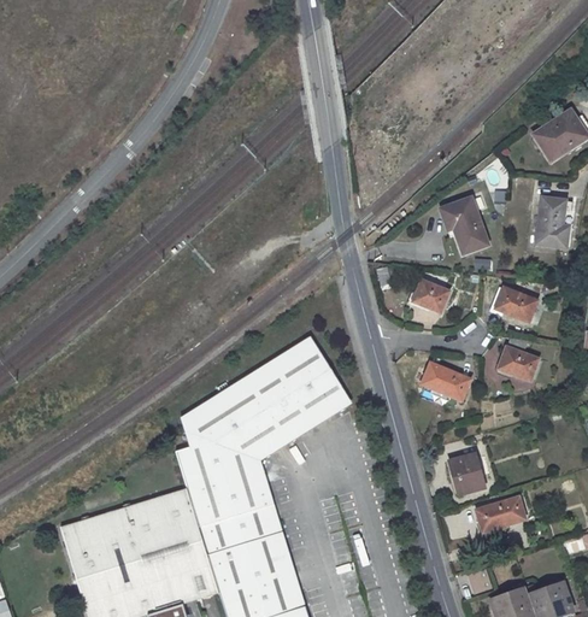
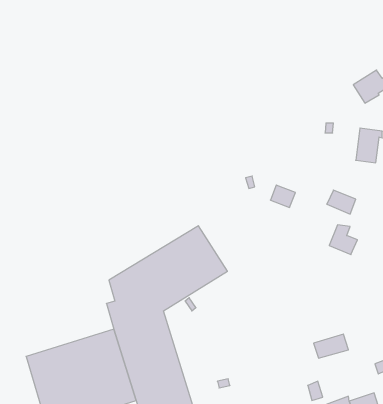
building: [447,196,488,252] -> none
building: [422,362,471,399] -> none
building: [449,451,486,493] -> none

